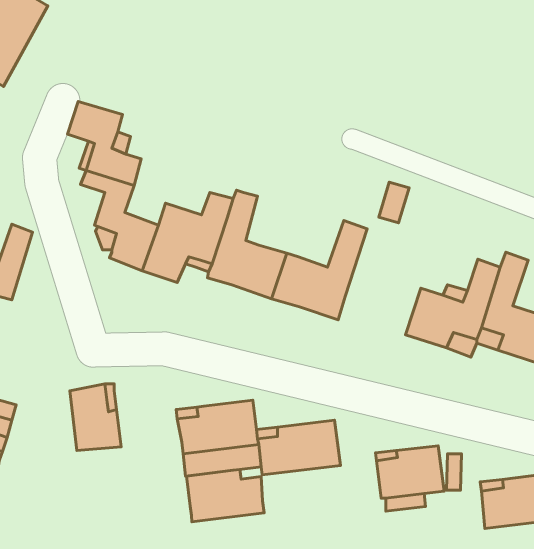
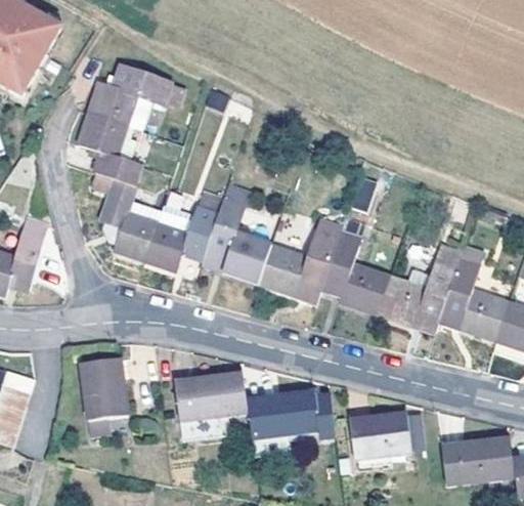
building: none -> [87,68,190,122]
building: none -> [321,216,388,315]
building: [186,470,264,522] -> none

